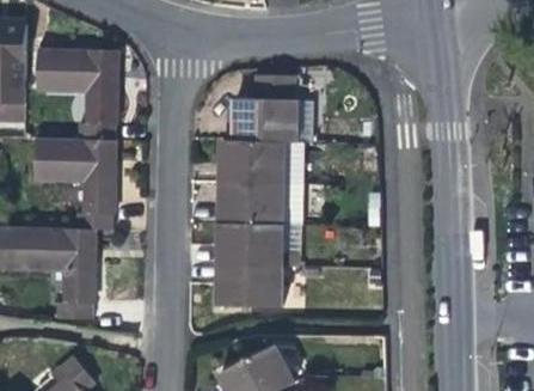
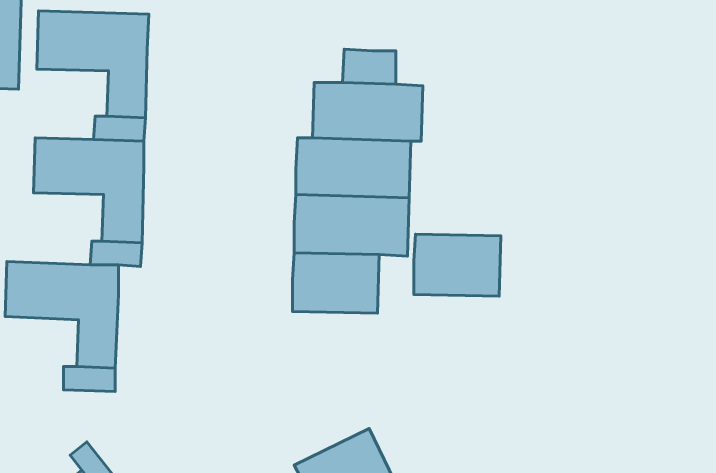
building: [217,263,280,307] -> [414,234,501,296]

